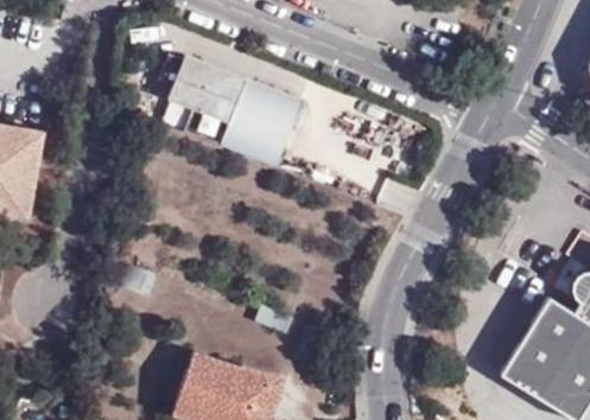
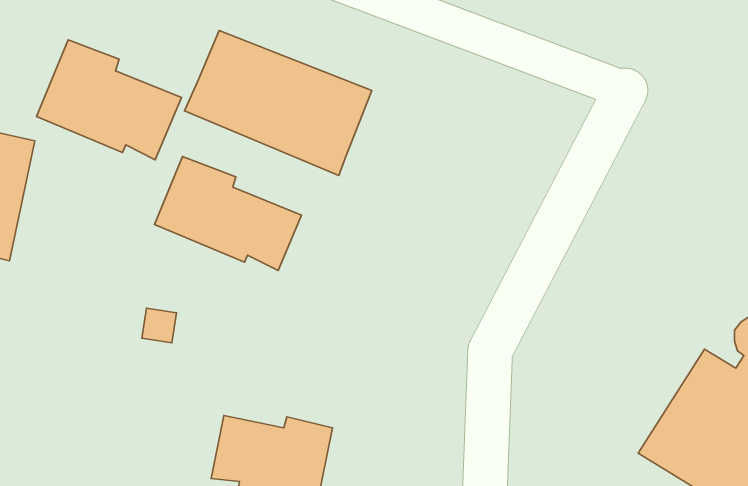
building: none -> [37,40,181,160]
building: none -> [155,157,301,271]

